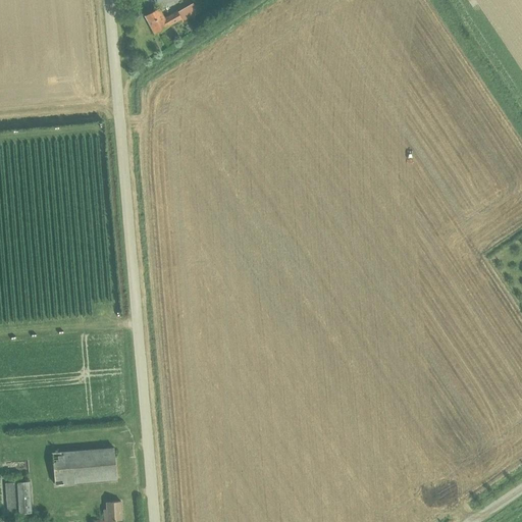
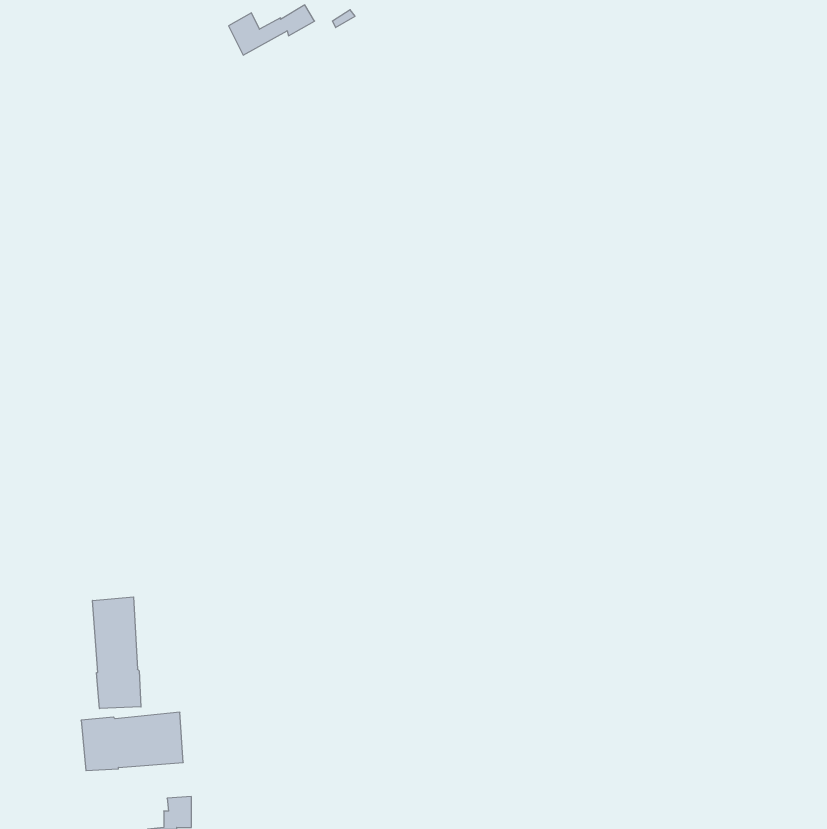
building: none -> [93,597,141,709]
building: [4,481,32,514] -> none

